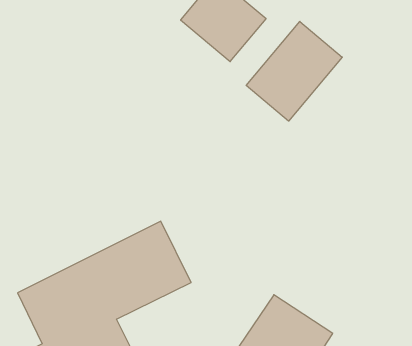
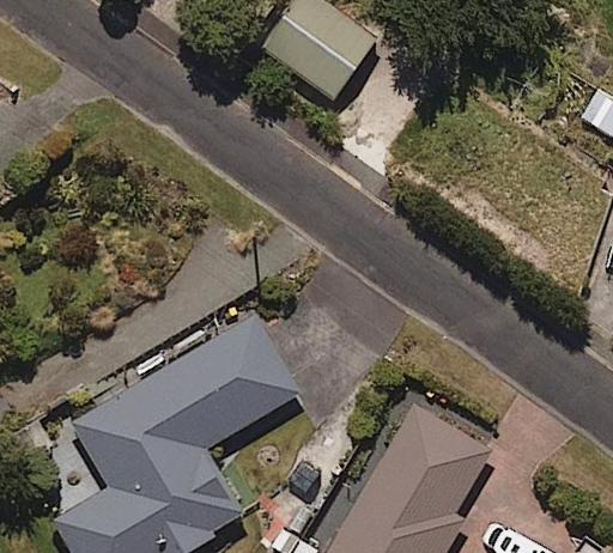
building: [246,21,342,121] -> none

